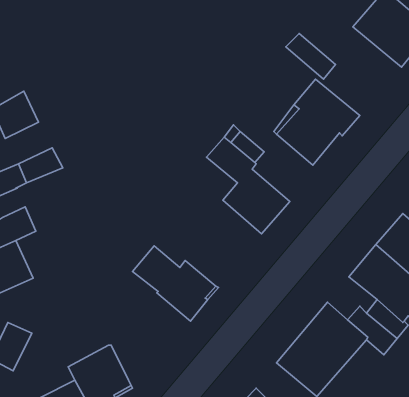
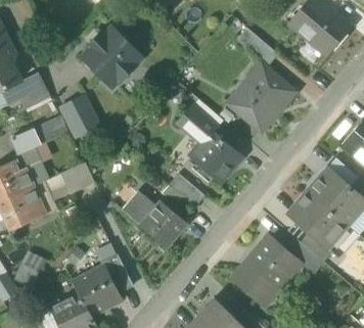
building: none -> [81,26,143,88]
building: none -> [60,95,98,136]
building: none -> [60,163,94,194]
building: none -> [168,174,206,208]
building: none -> [101,254,133,293]

